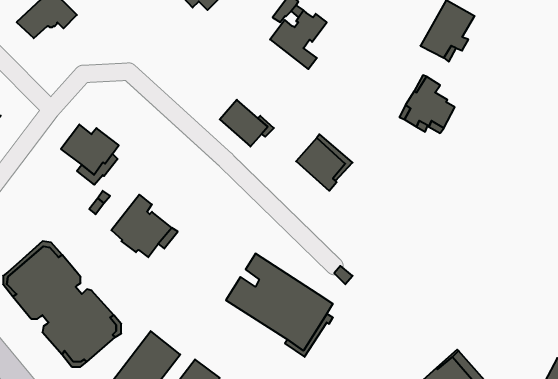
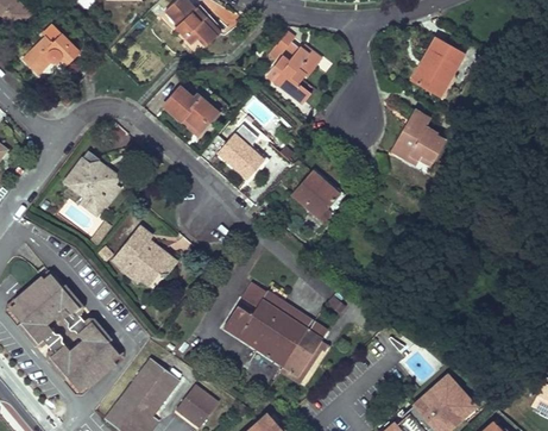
building: none -> [163,86,218,132]

